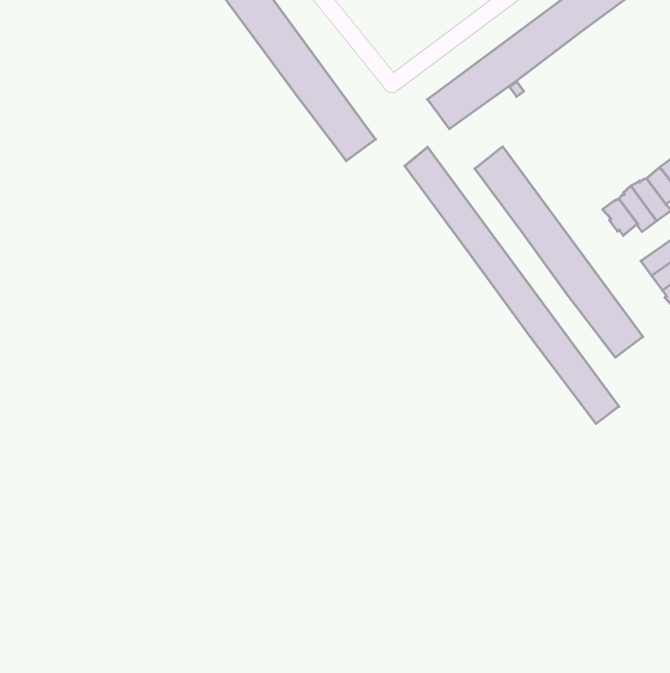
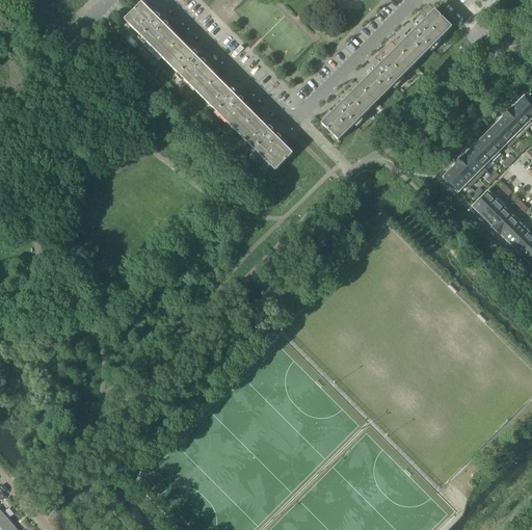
building: [475,147,643,357] -> none
building: [405,147,619,424] -> none

